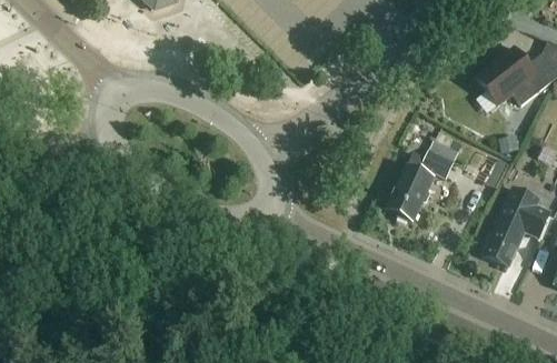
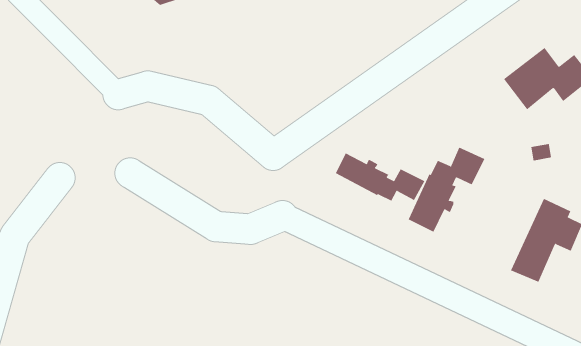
building: none -> [335,152,425,201]

